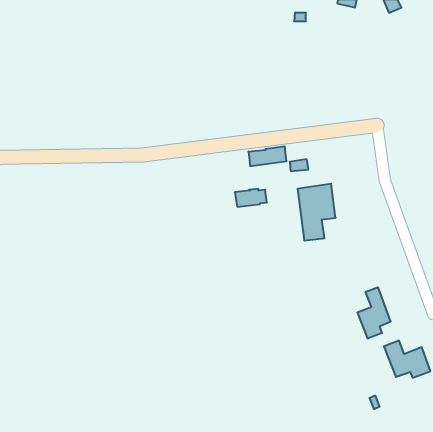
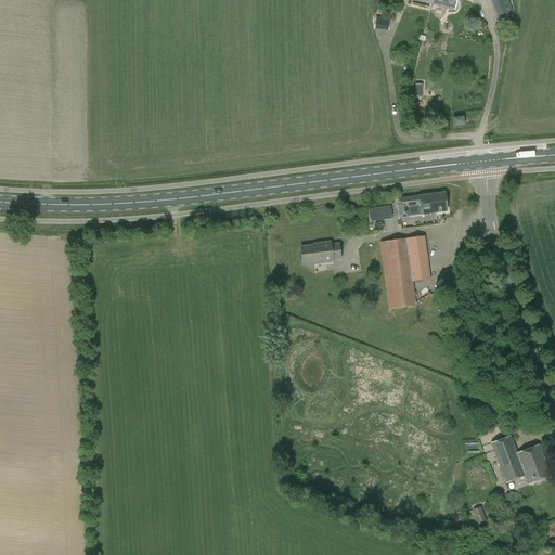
building: [248,147,287,166] -> [398,192,447,217]
building: [357,287,391,339] -> none

